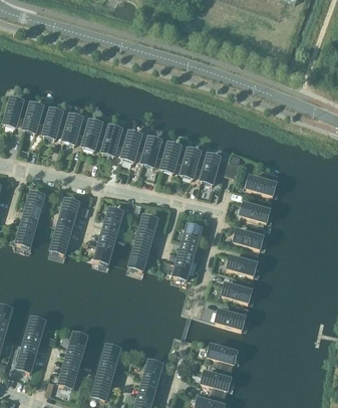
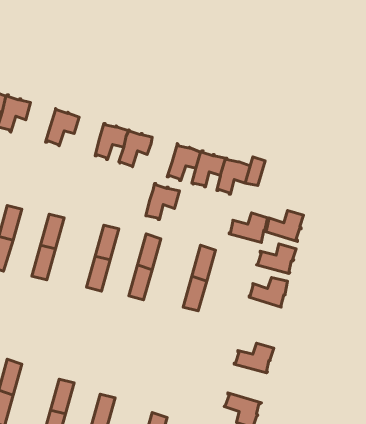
building: [42,109,69,138] -> none
building: [81,120,108,149] -> none
building: [140,137,167,166] -> [146,184,179,220]
building: [245,170,276,194] -> [229,213,268,243]
building: [221,276,252,301] -> none

